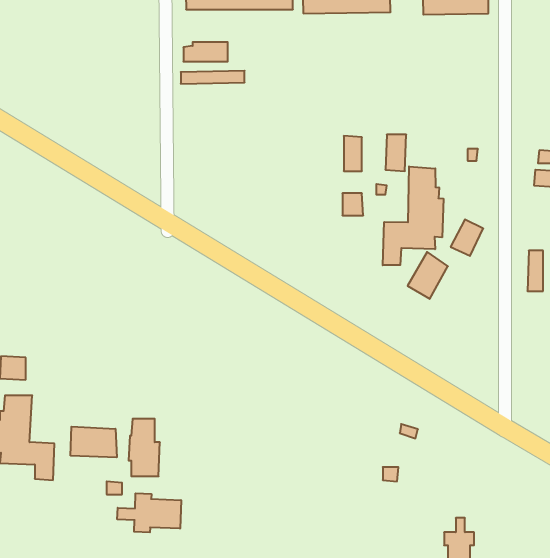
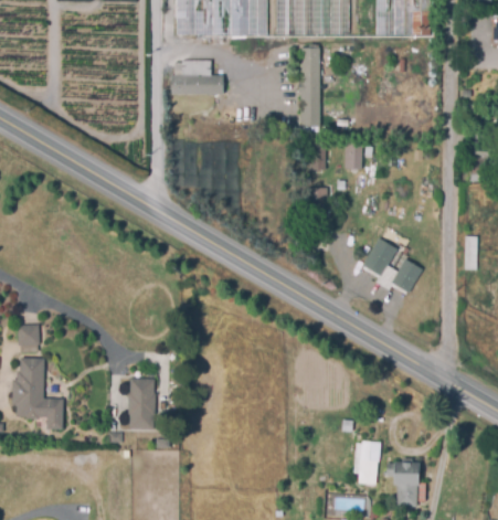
building: none -> [298,47,320,127]
building: [383,166,443,265] -> none
building: [451,219,483,256] -> [393,259,421,290]
building: [71,427,117,457] -> none
building: none -> [353,441,380,486]
building: [117,493,181,532] -> none

